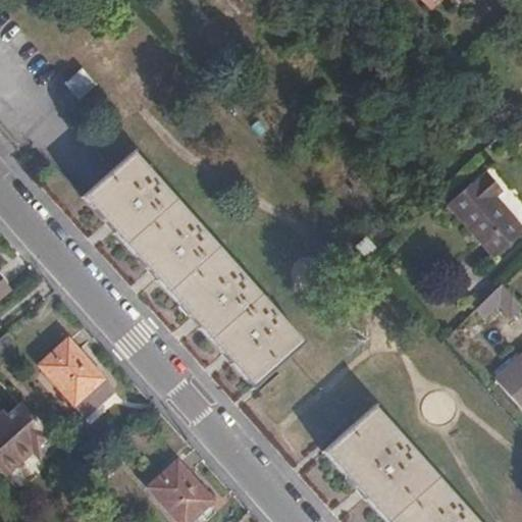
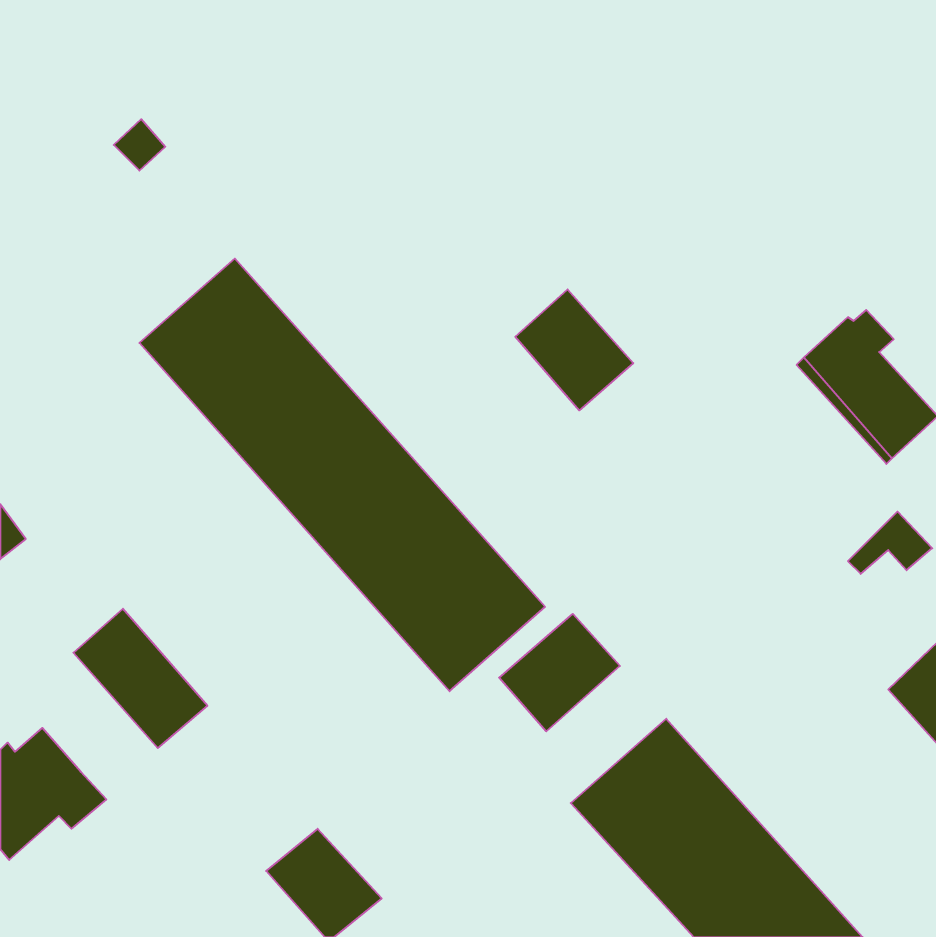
building: none -> [515,289,633,410]
building: none -> [499,614,620,731]

